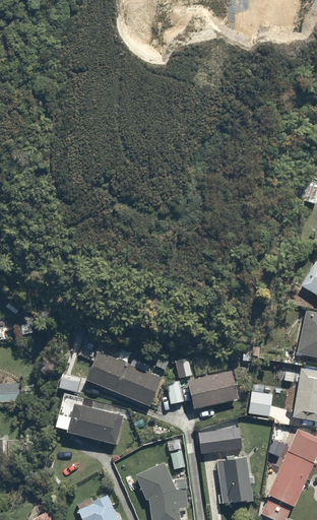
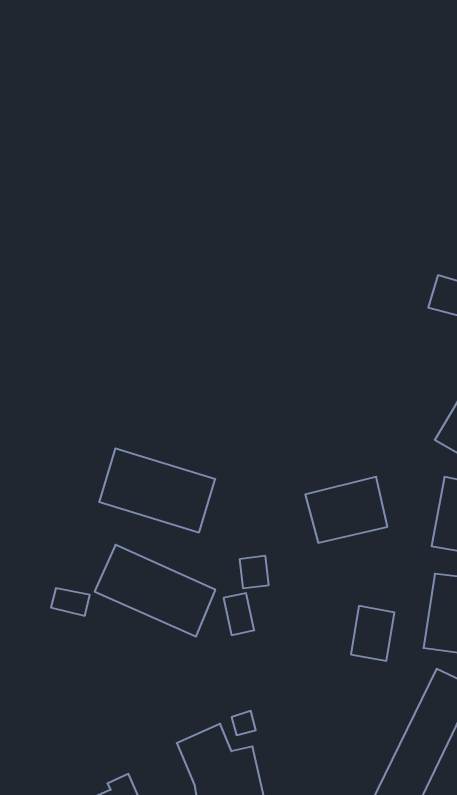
building: [187,368,239,409] -> [305,477,387,543]
building: [52,393,125,446] -> [99,448,215,532]
building: [197,425,245,450] -> none
building: [216,456,251,502] -> none

